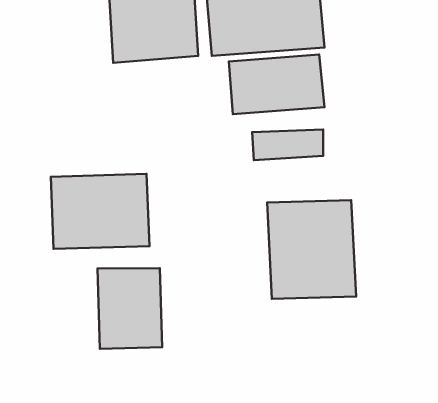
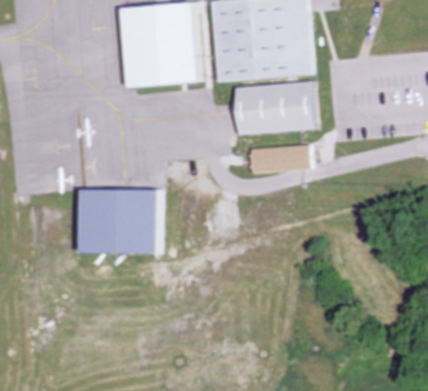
building: [267,200,356,299] -> none
building: [97,268,162,349] -> none

